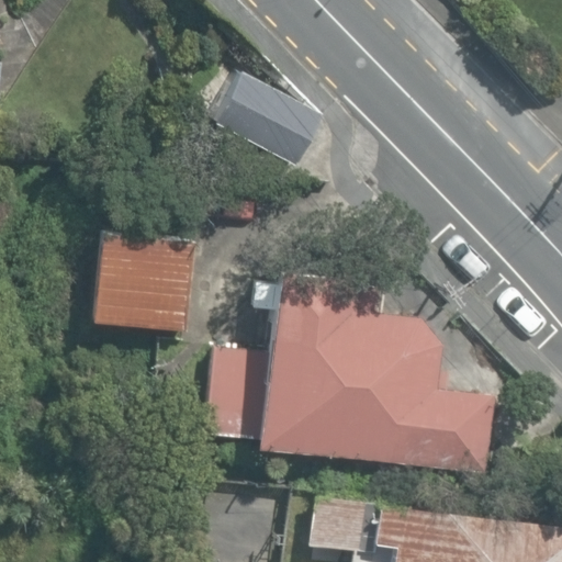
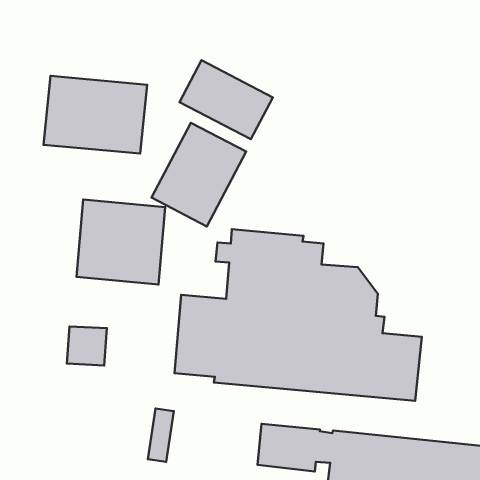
building: none -> [43,76,147,154]
building: none -> [151,123,246,226]

